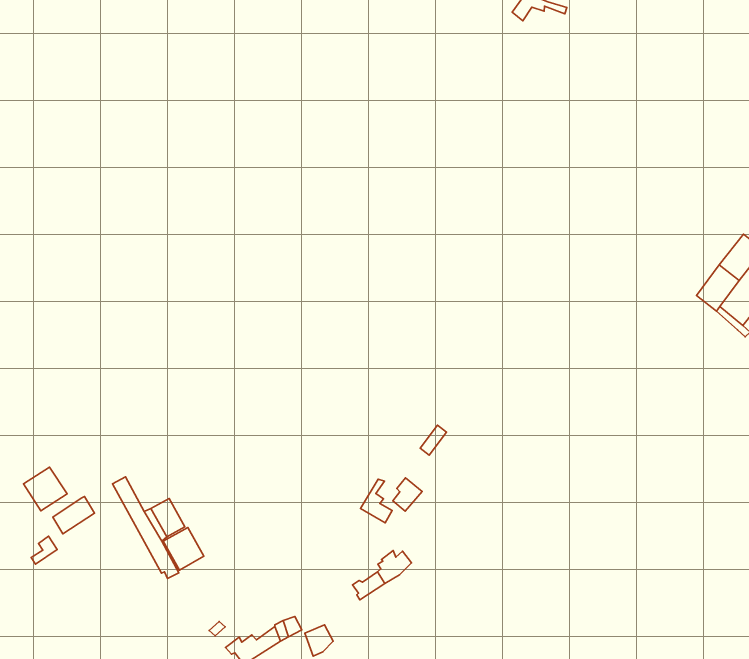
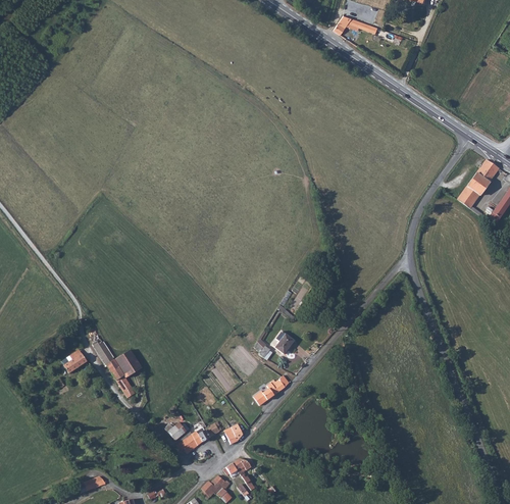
building: [24,467,67,511] -> none
building: [163,528,204,570] -> none

